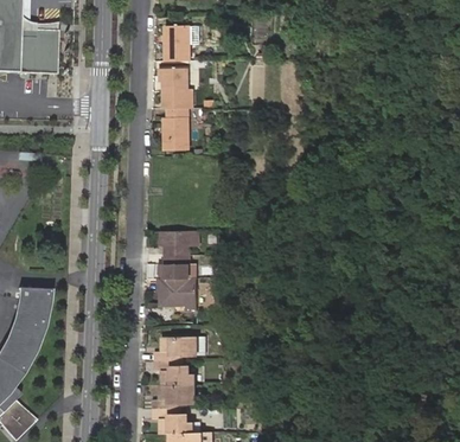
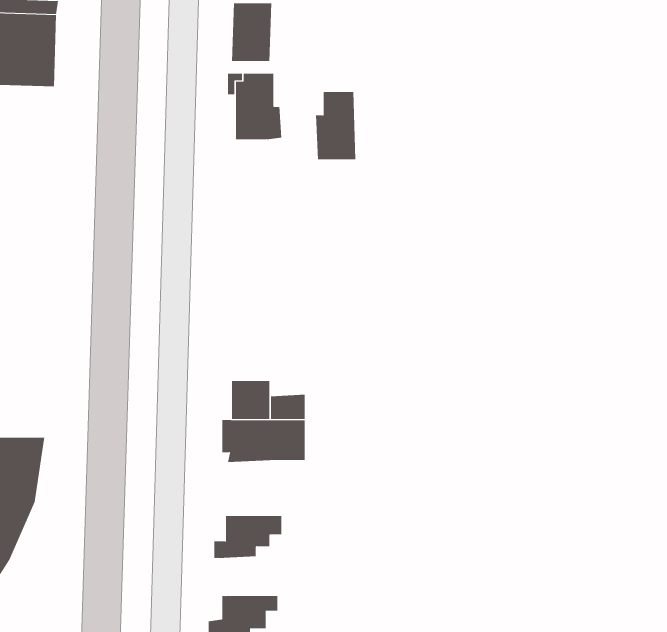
building: [161,109,186,150] -> [315,91,356,160]
building: [164,231,197,255] -> none
building: [153,361,192,385] -> none

